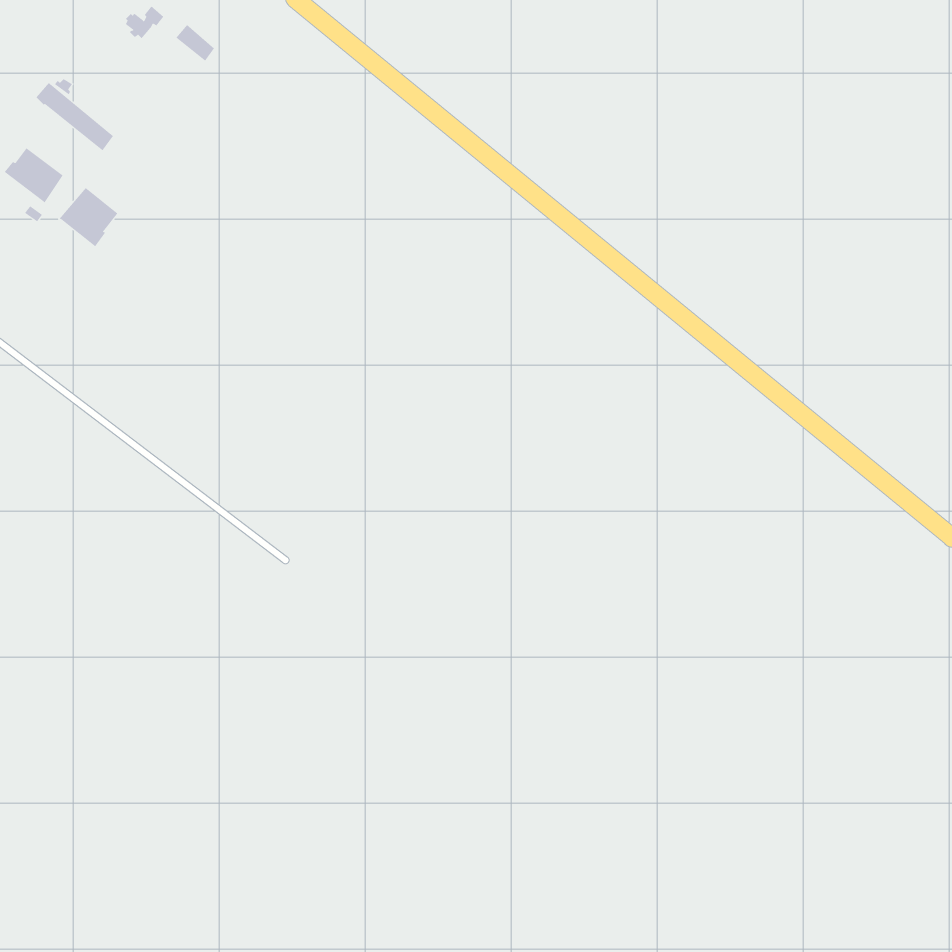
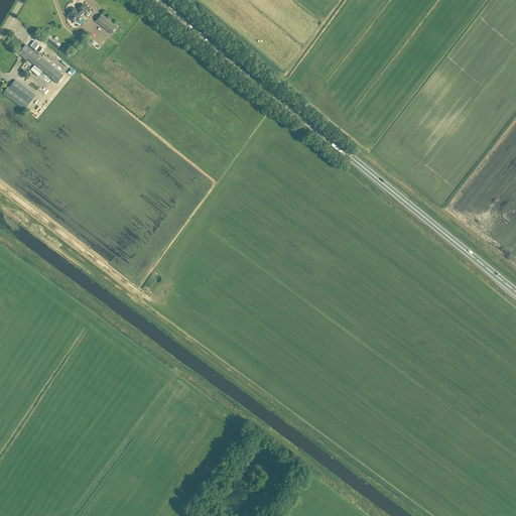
building: [59,187,118,247] -> none

